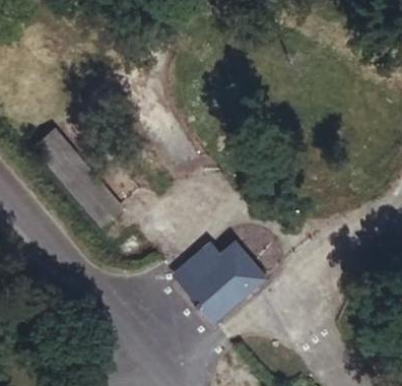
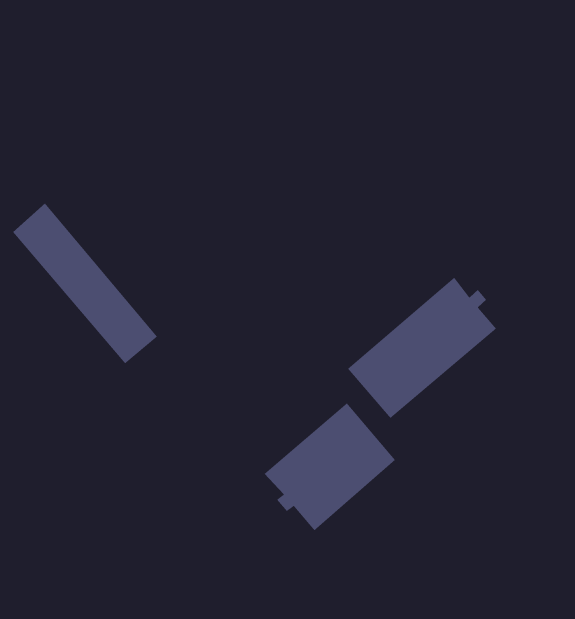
building: none -> [347,277,497,419]

